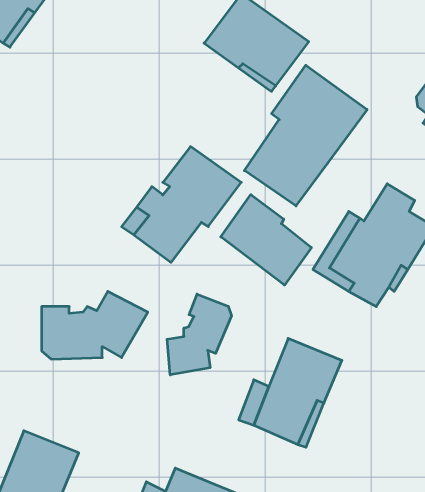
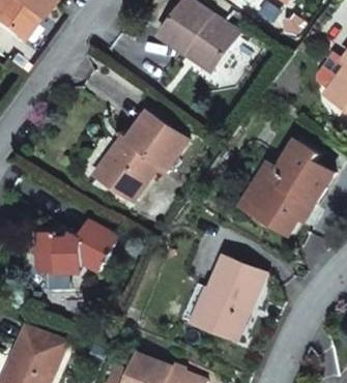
building: [244,65,367,206] -> none
building: [221,195,311,285] -> none
building: [167,294,231,375] -> none

